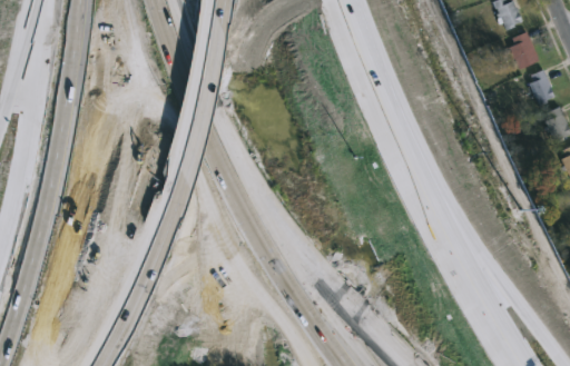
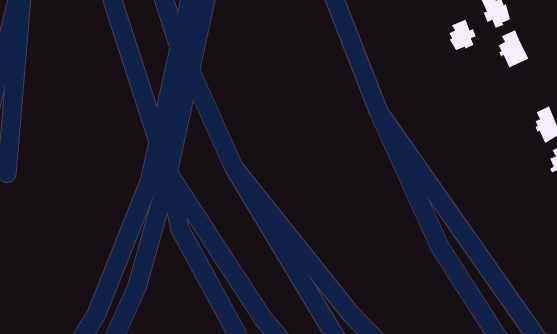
building: none -> [449,19,477,51]
building: [529,68,554,105] -> none

